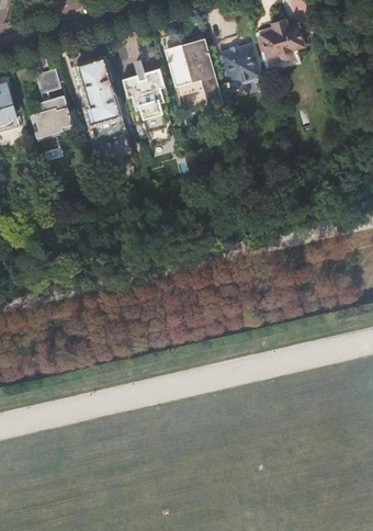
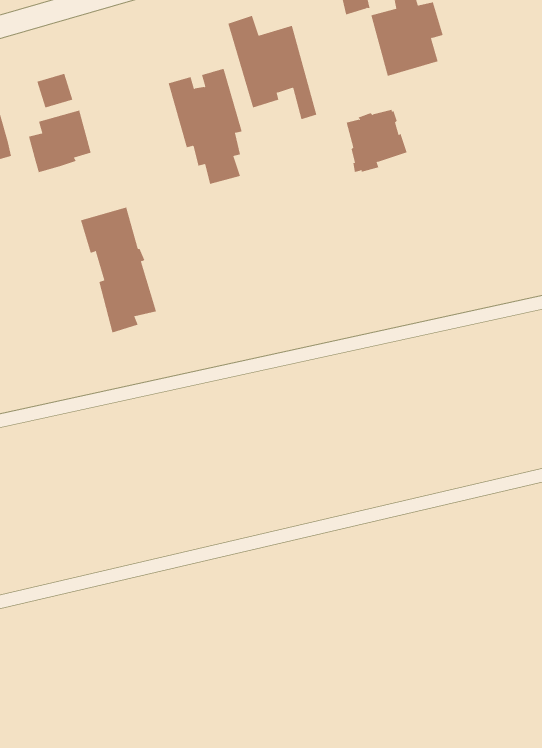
building: [222,45,262,87] -> [346,109,407,172]
building: [72,56,123,139] -> [80,207,157,333]

